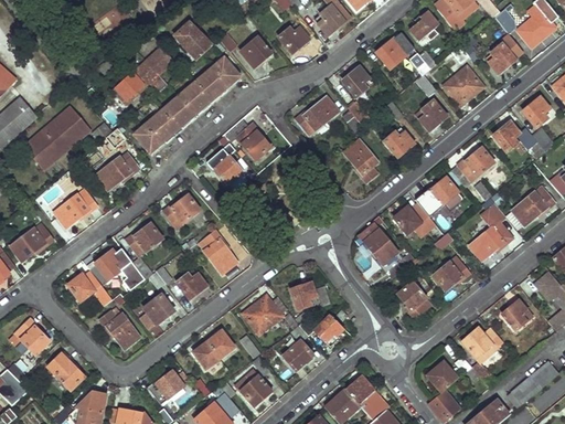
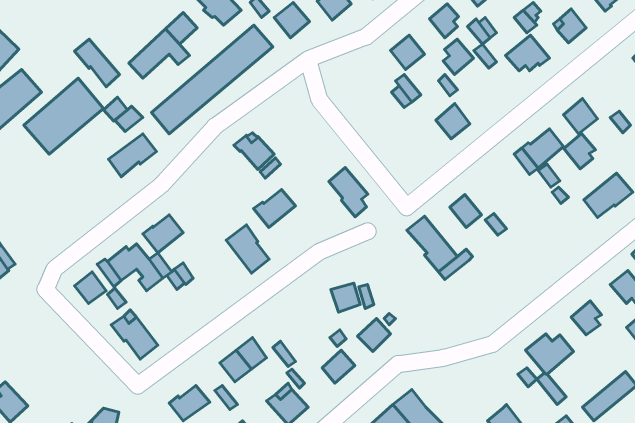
building: none -> [74,39,120,87]
building: [297,95,340,135] -> none
building: [524,97,552,128] -> [564,133,595,169]
building: [419,99,446,130] -> [443,39,474,75]
building: [227,119,270,159] -> none
building: [343,139,377,182] -> [329,168,368,217]
building: [423,178,459,206] -> none
building: [54,190,97,226] -> none
building: [163,194,200,227] -> [254,190,295,227]
building: [11,223,53,259] -> none
building: [470,227,512,261] -> none
building: [434,257,470,292] -> none
building: [175,272,206,298] -> none
building: [395,280,430,320] -> none
building: [147,294,174,324] -> none
building: [244,301,282,332] -> none
building: [14,318,49,354] -> none
building: [49,351,84,389] -> none
building: [427,361,457,392] -> none

